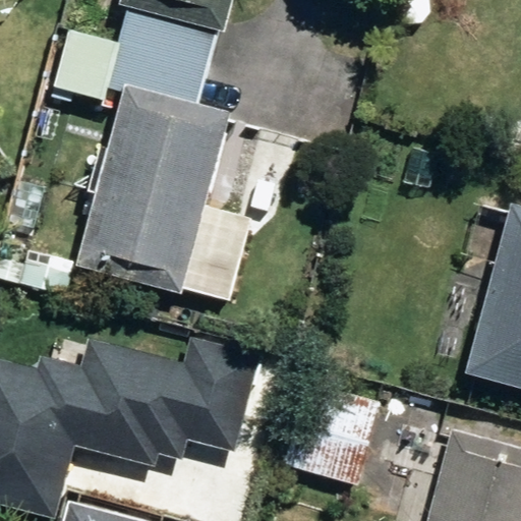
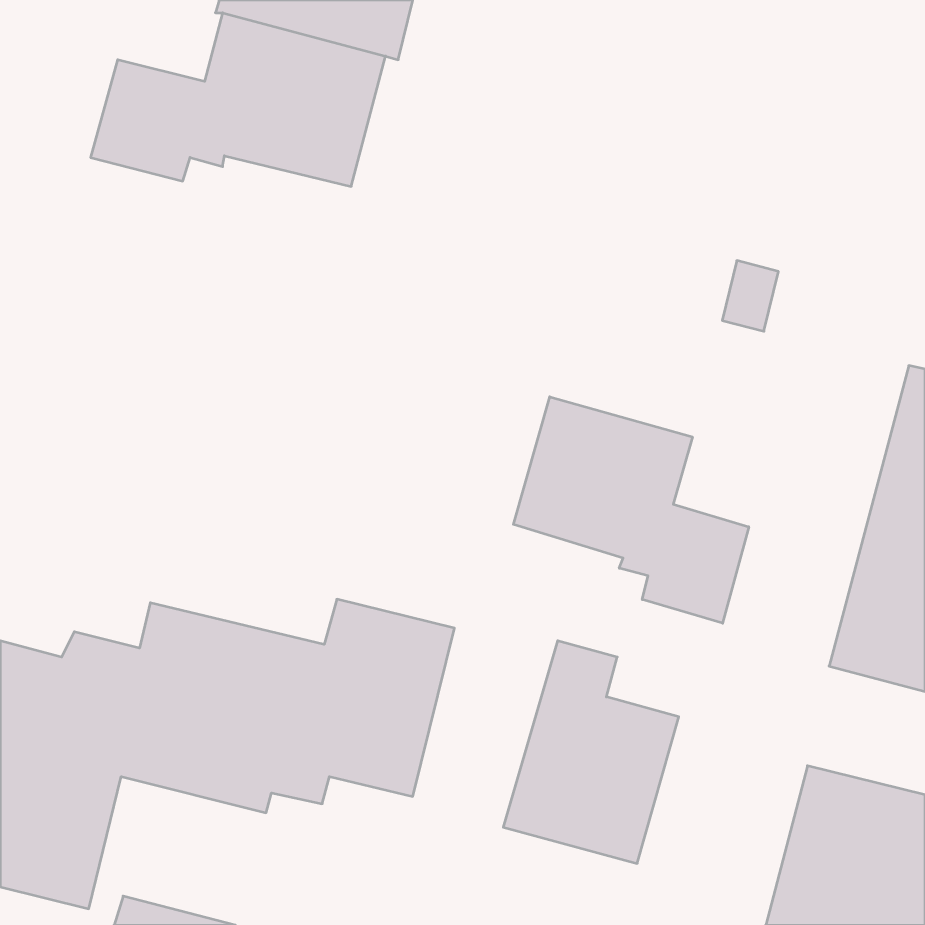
building: [79,88,227,294] -> none
building: none -> [513,397,749,623]

